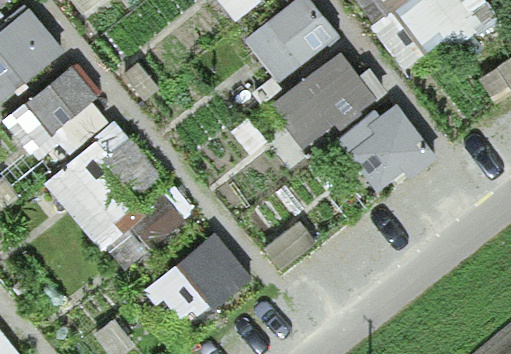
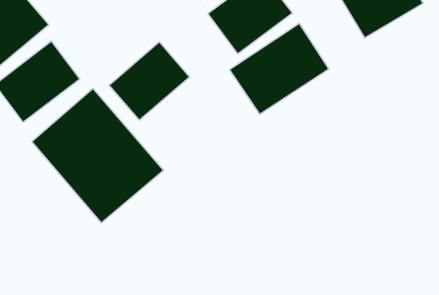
building: none -> [109,42,190,120]
building: [340,103,435,197] -> none
building: [150,234,249,329] -> none

